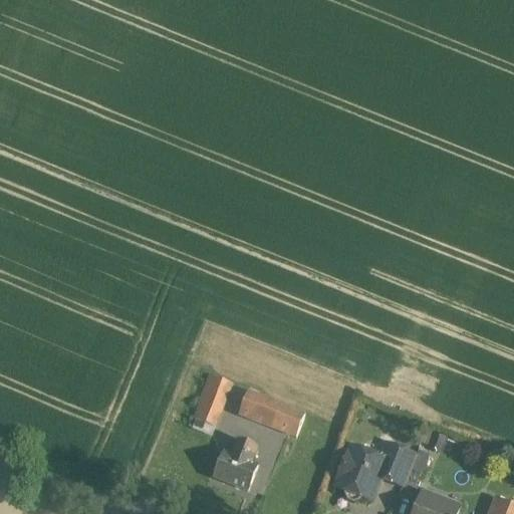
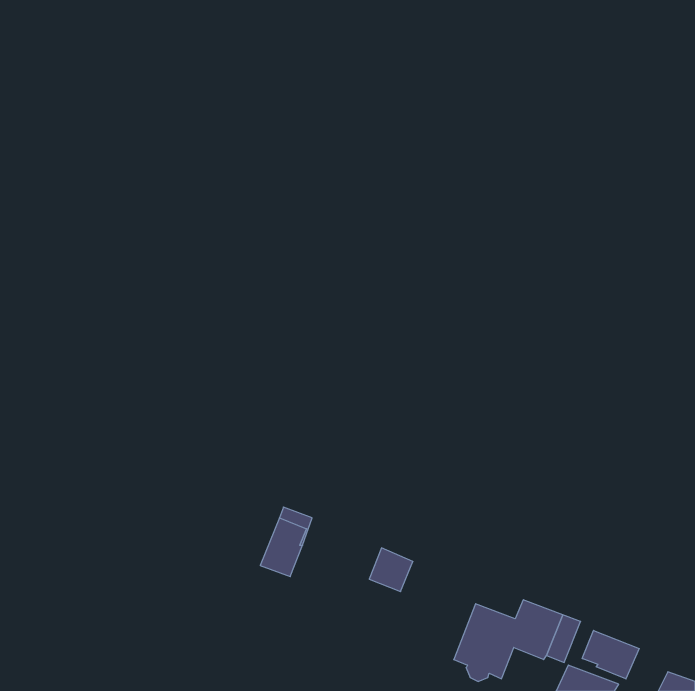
building: [238,391,281,427] -> none
building: [214,439,257,489] -> none
building: none -> [582,630,639,679]

